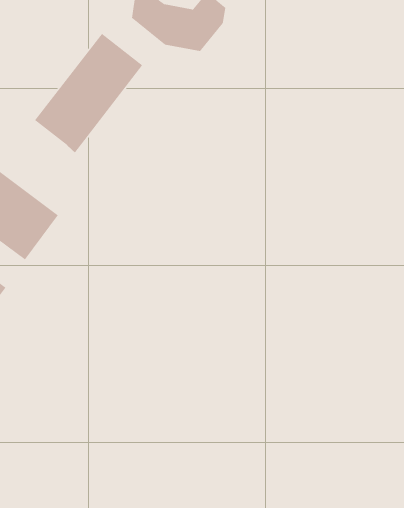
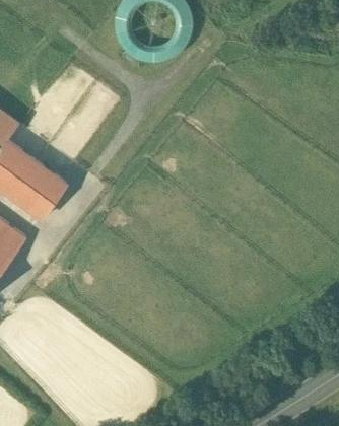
building: [33,33,143,154] -> none

